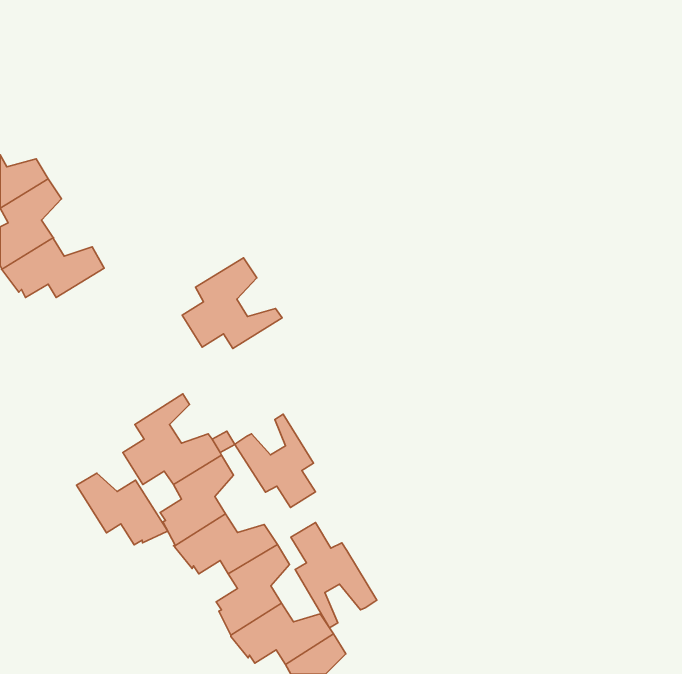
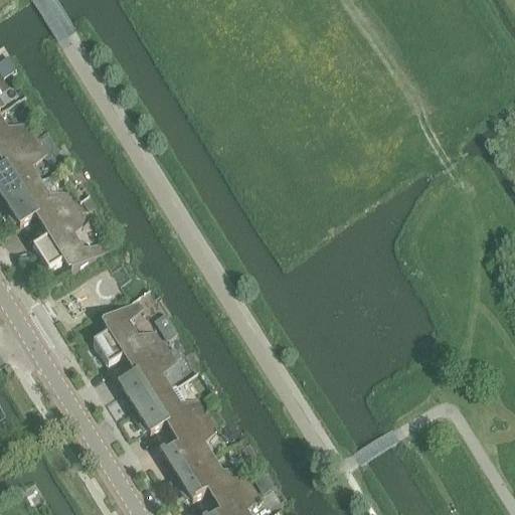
building: [182,258,282,349] -> [32,202,108,271]
building: [235,414,315,508] -> none
building: [76,473,167,545] -> none
building: [291,522,377,628] -> none

